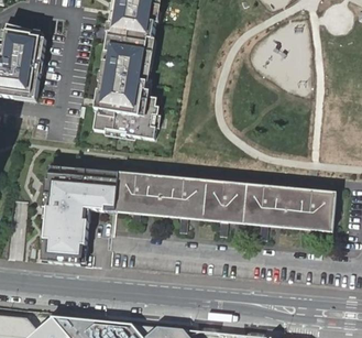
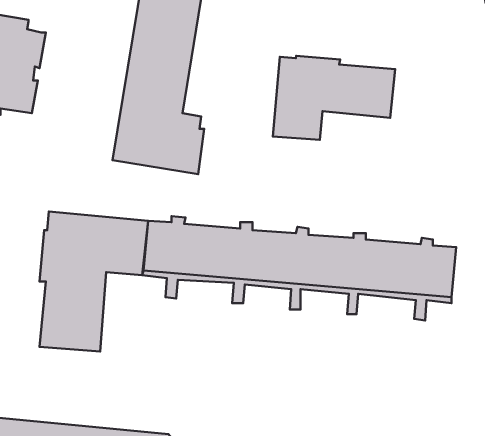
building: none -> [273,56,395,140]

